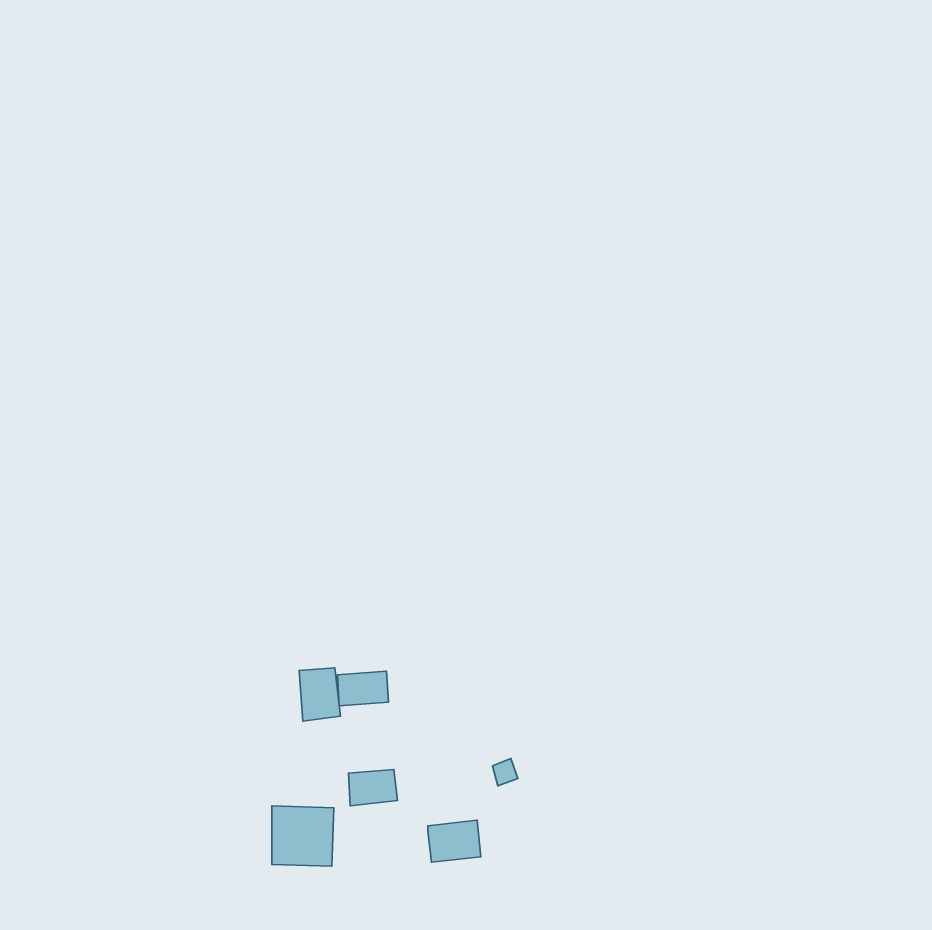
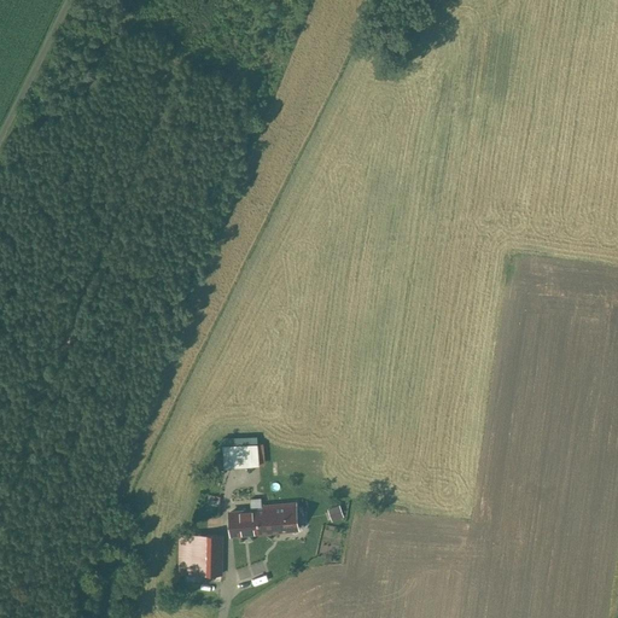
building: [299,668,340,721] -> none
building: [428,820,481,862] -> [261,503,296,531]

